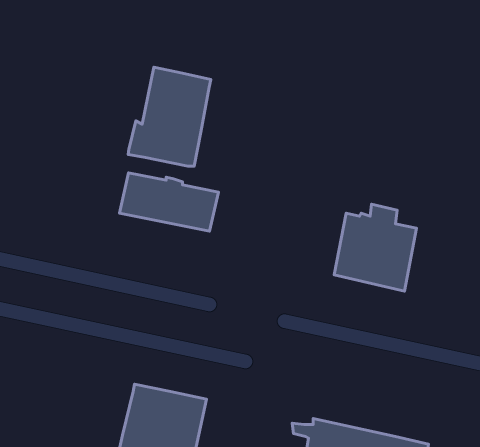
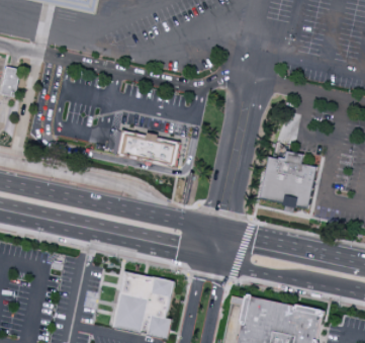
building: [128,67,211,166] -> none

